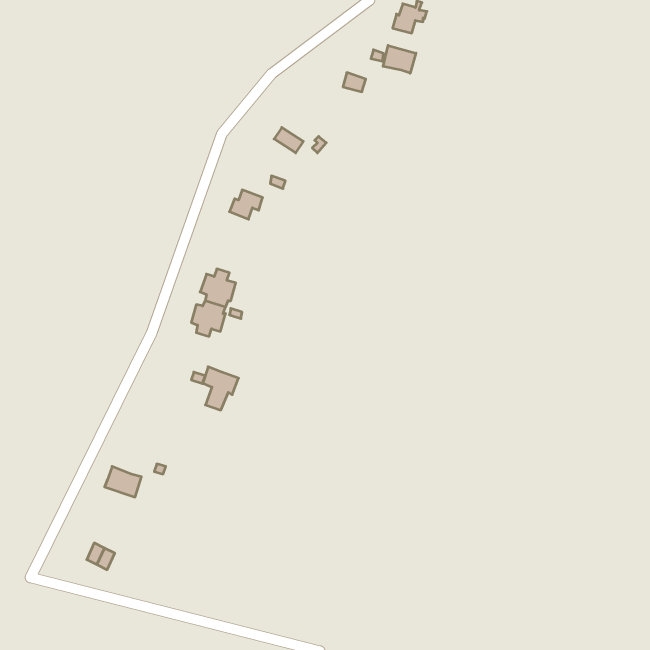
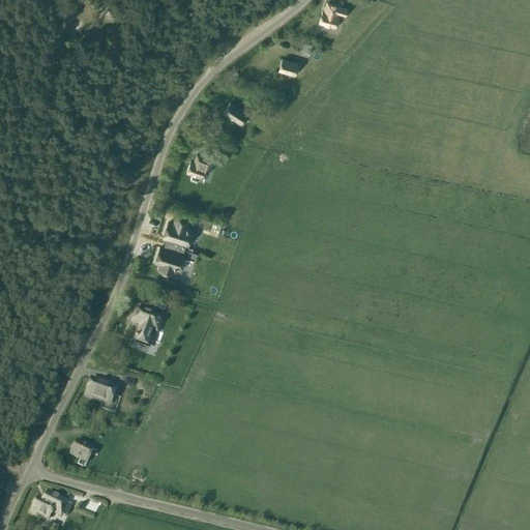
building: [383,45,416,73] -> none
building: [203,367,239,410] -> [134,311,163,346]
building: none -> [32,494,65,521]

